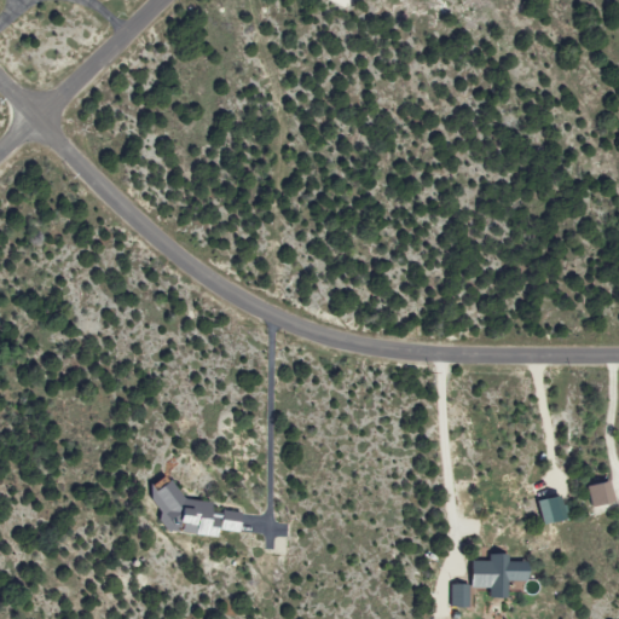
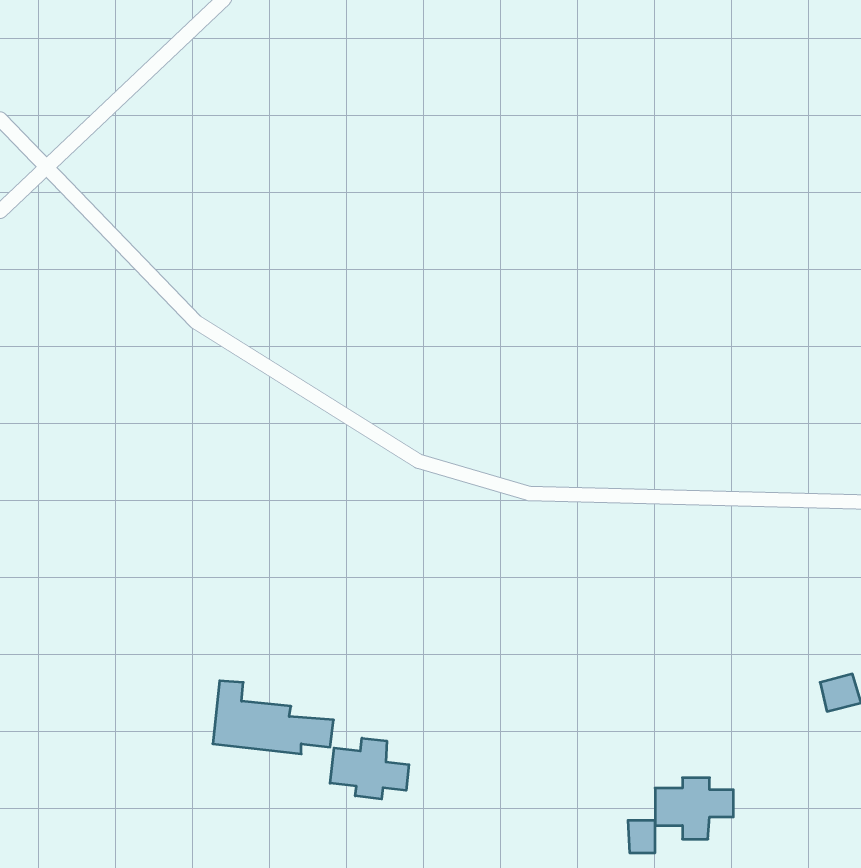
building: [538,493,567,522] -> none
building: none -> [330,738,409,799]

